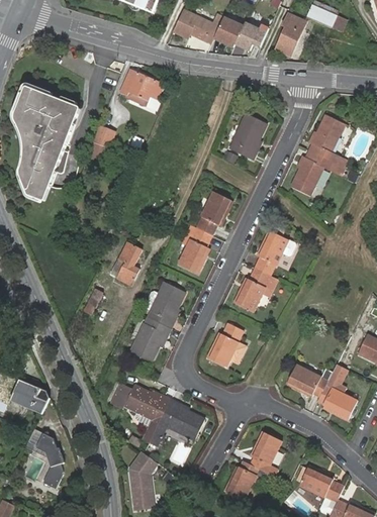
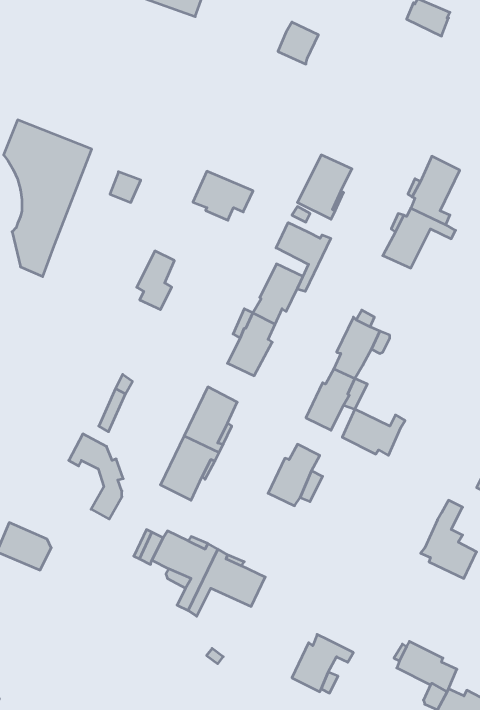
building: [173,10,219,43] -> none
building: [272,14,303,56] -> none
building: [234,22,268,50] -> none
building: [119,70,163,105] -> [193,171,253,220]
building: none -> [276,223,331,291]
building: [113,242,140,285] -> [137,251,174,310]
building: [286,364,332,397] -> [342,409,405,455]
building: [23,429,63,491] -> [69,434,123,519]
building: [250,430,280,476] -> none
building: [128,451,157,508] -> none

